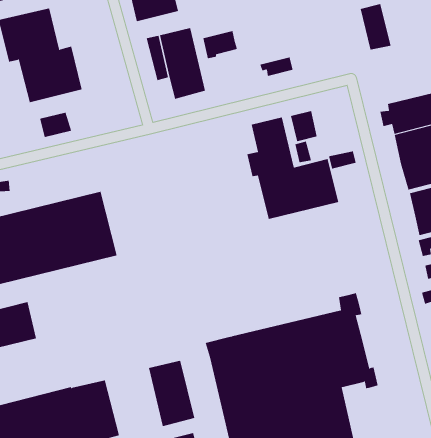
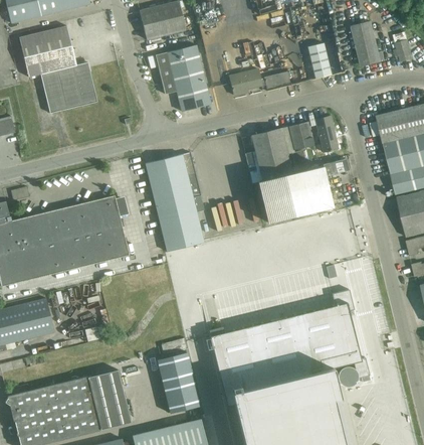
building: none -> [393,32,412,62]
building: none -> [307,44,331,79]
building: [203,31,238,59] -> [229,69,261,96]
building: none -> [314,117,338,153]
building: [40,112,72,138] -> none
building: none -> [145,152,204,252]

